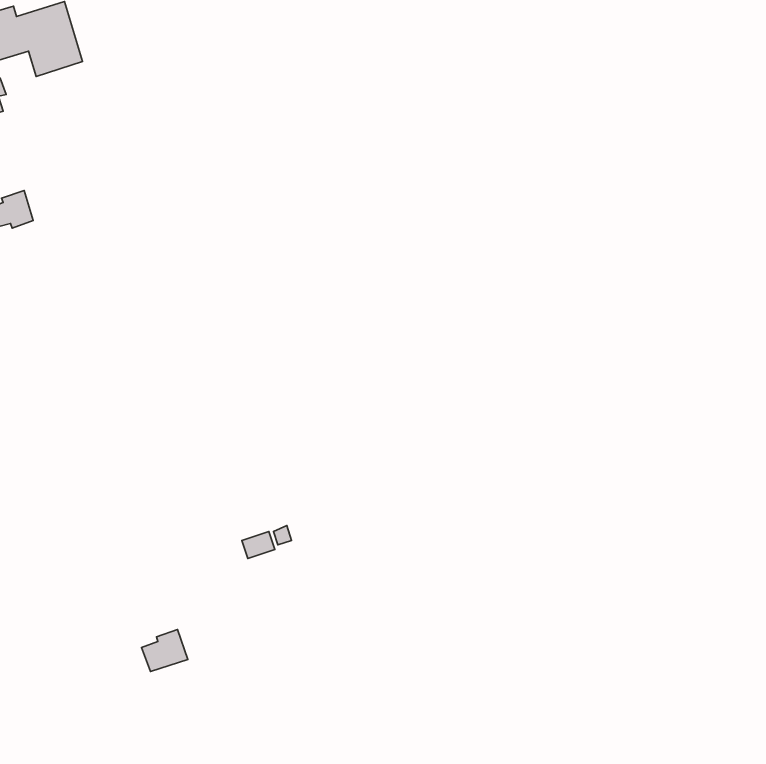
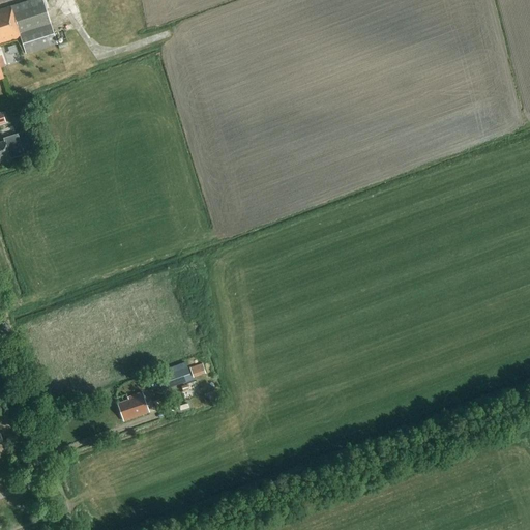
building: [141,629,188,671] -> [116,390,148,419]

